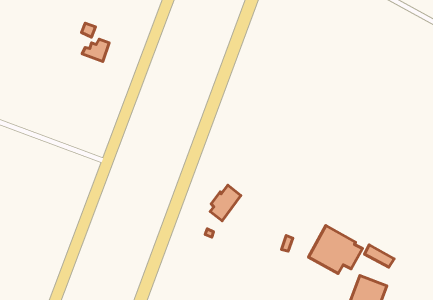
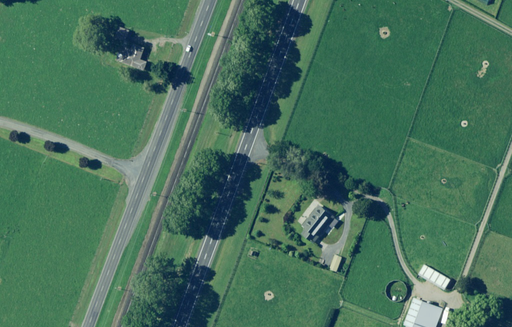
building: [210,185,241,221] -> [302,205,335,243]
building: [308,225,363,274] -> none

